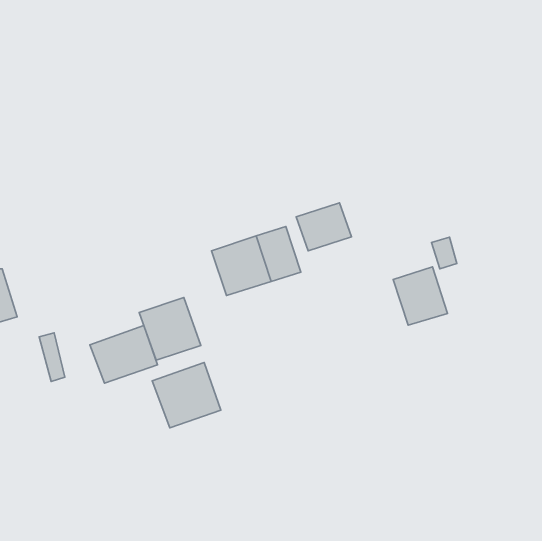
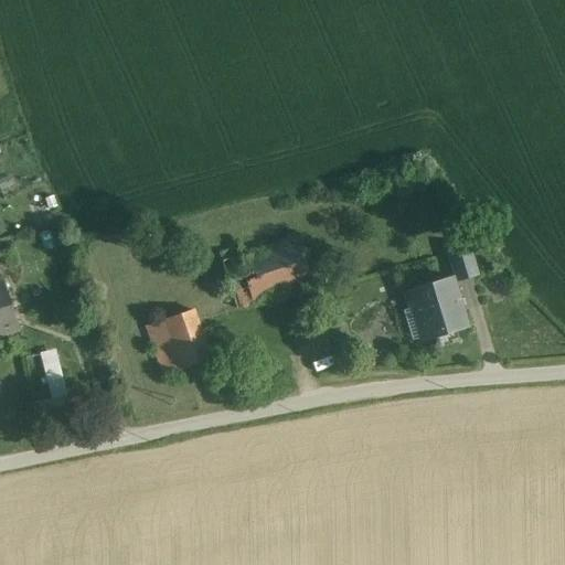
building: [296,203,351,251] -> none
building: [90,326,158,383] -> none
building: [152,362,221,428] -> none

